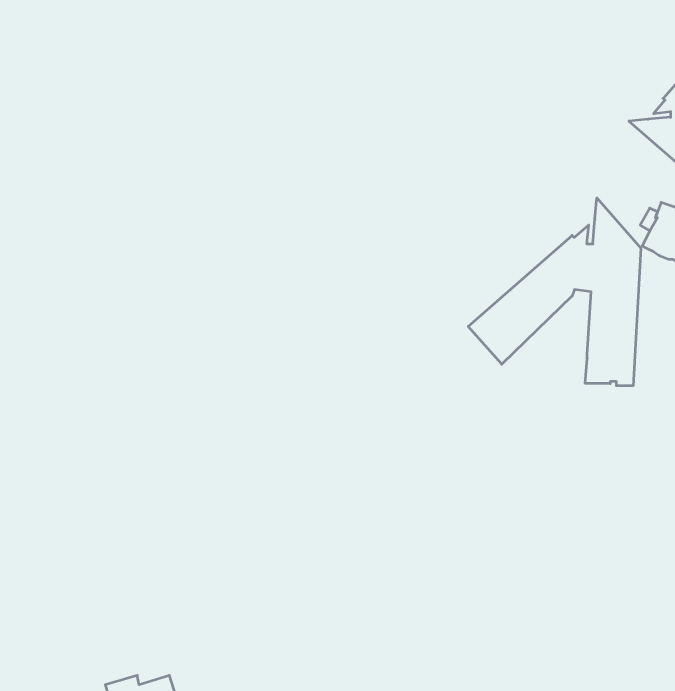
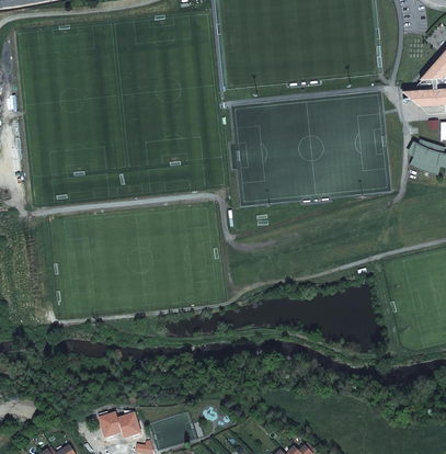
building: [468,198,641,386] -> none

